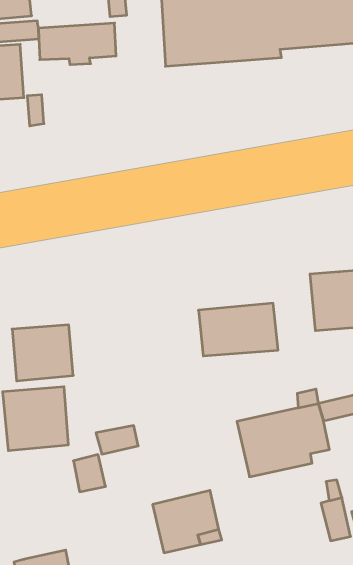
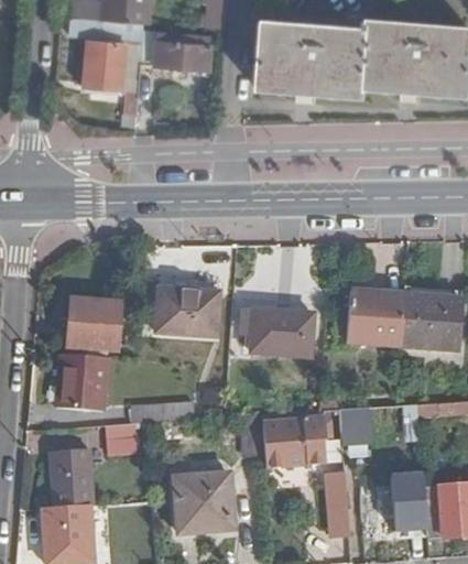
building: none -> [161,290,221,335]
building: none -> [50,449,95,508]

